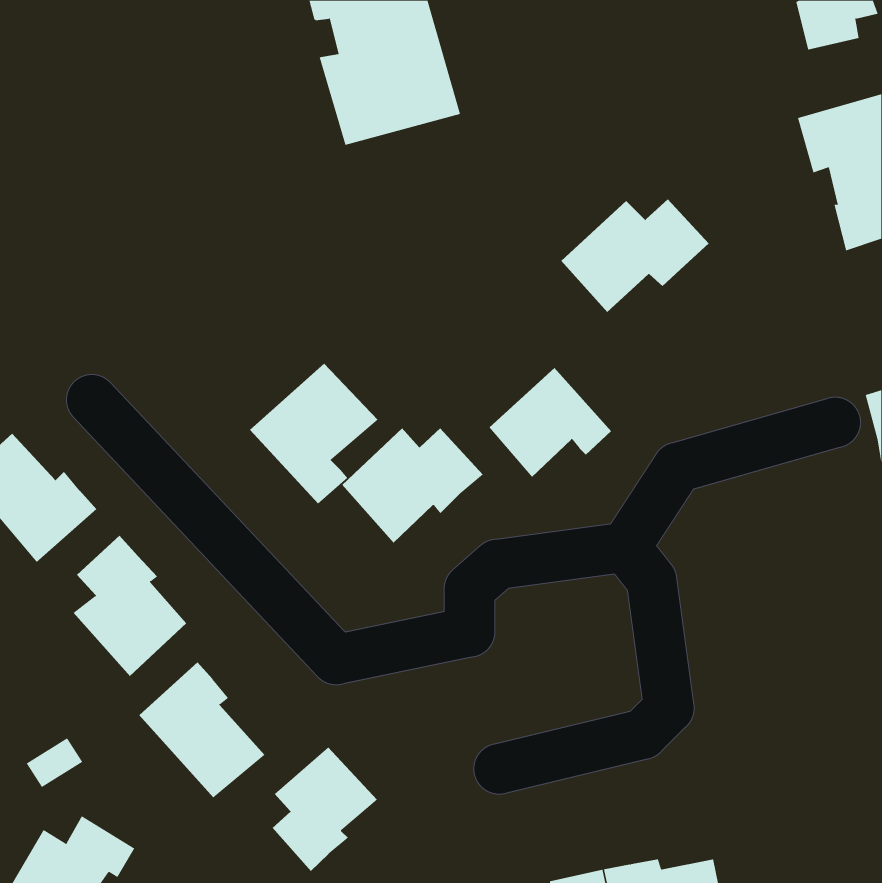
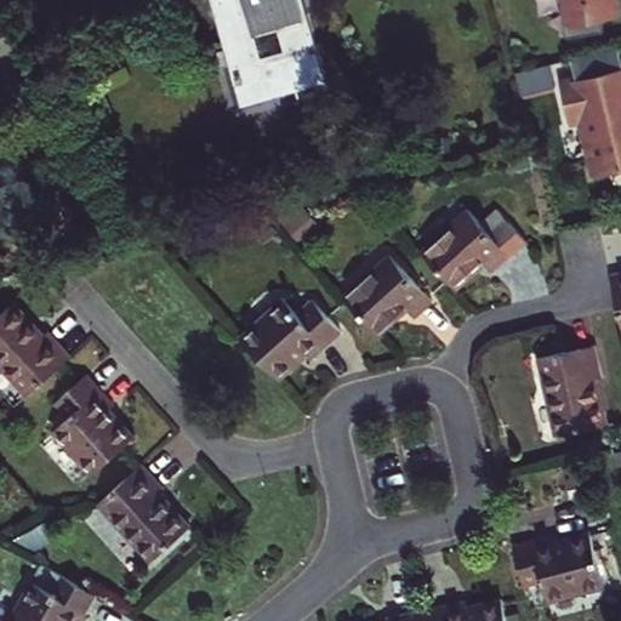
building: [560,198,709,313] -> [418,211,523,291]
building: [249,363,378,505] -> none
building: none -> [539,348,602,437]
building: [272,747,378,872] -> none
building: none -> [511,535,602,602]

